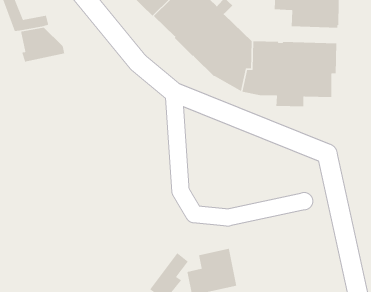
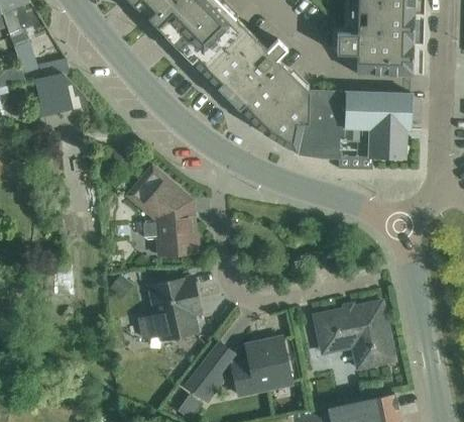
building: none -> [129,169,199,256]
building: none -> [139,277,198,340]
building: none -> [314,301,394,368]

